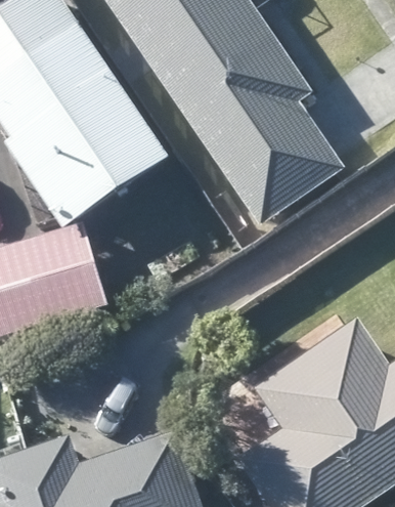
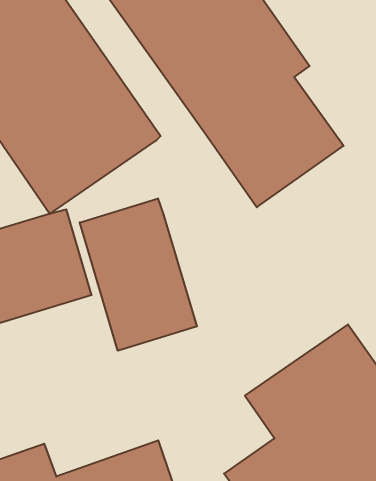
building: none -> [80,198,197,351]

